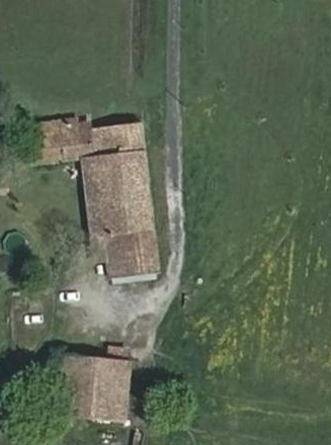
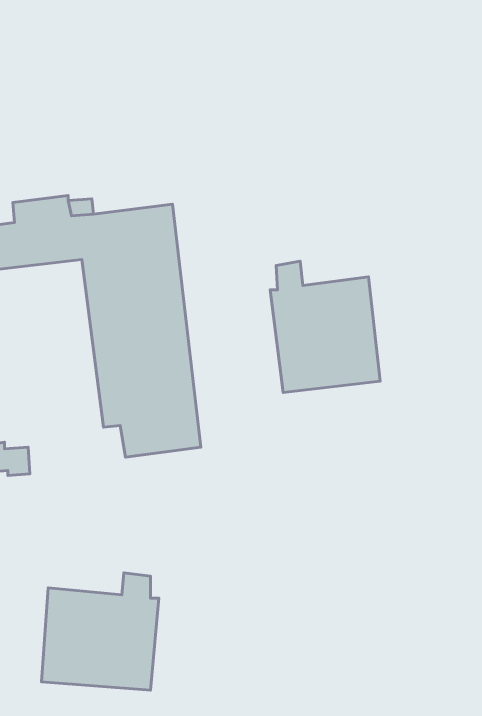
building: none -> [270,261,380,392]

